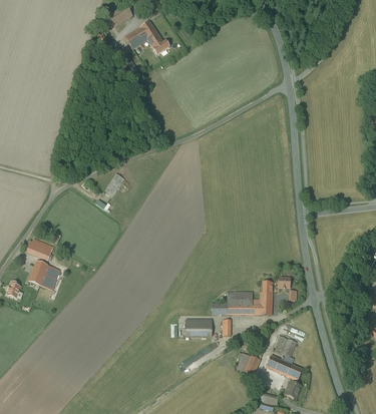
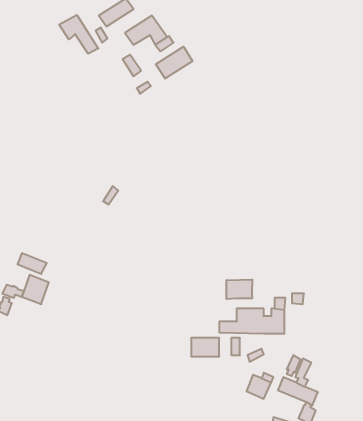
building: none -> [59,15,98,54]
building: none -> [156,47,193,79]
building: none -> [227,279,252,299]

